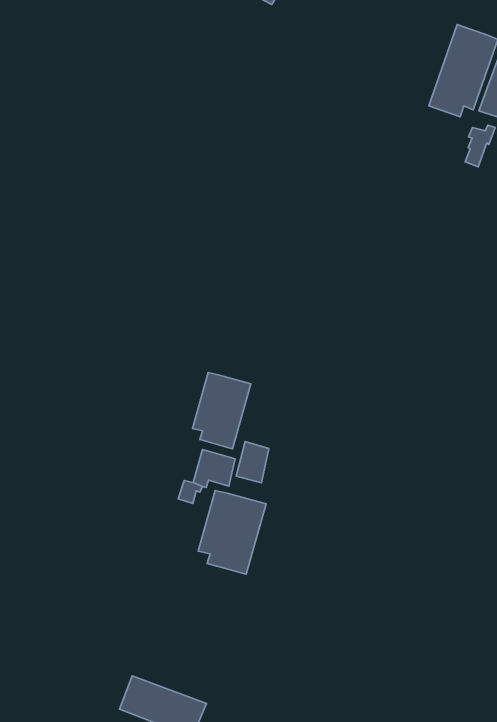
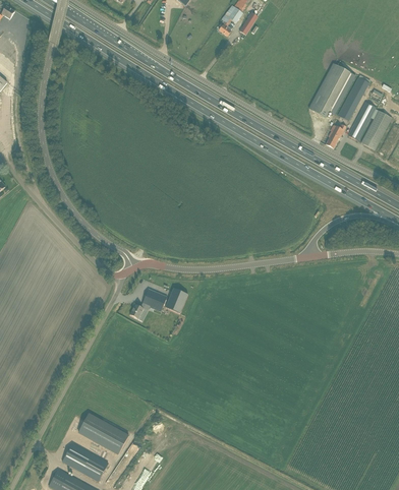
building: [192,372,251,449] -> none
building: [198,490,266,574] -> none

